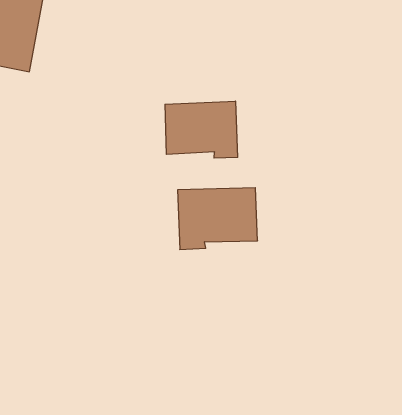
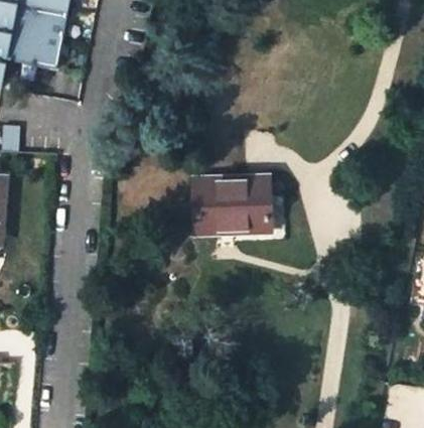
building: [165,101,238,158] -> none

